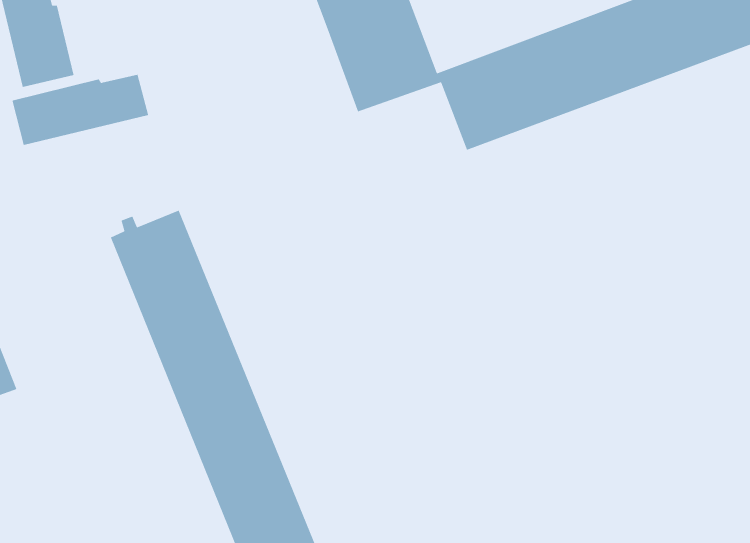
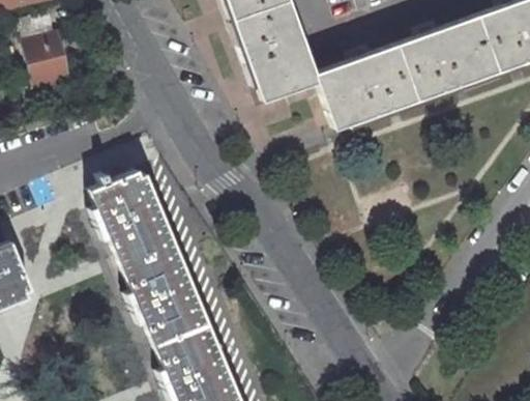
building: [12,74,149,146] -> none

